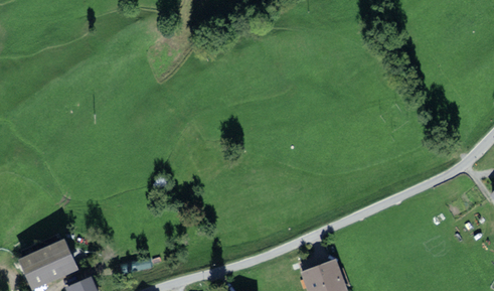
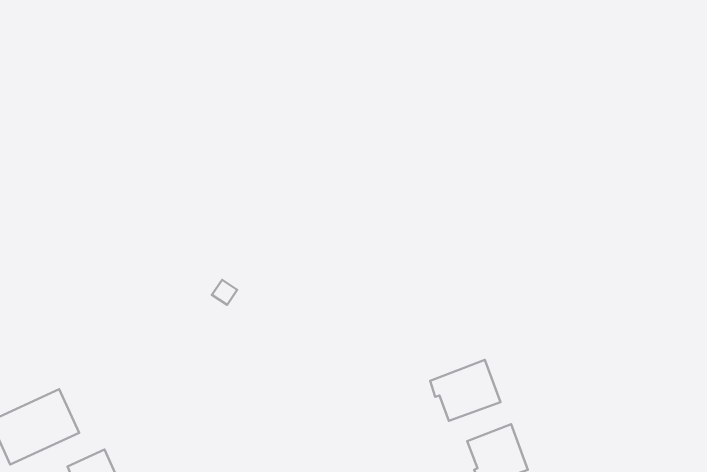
building: none -> [430,360,500,421]

